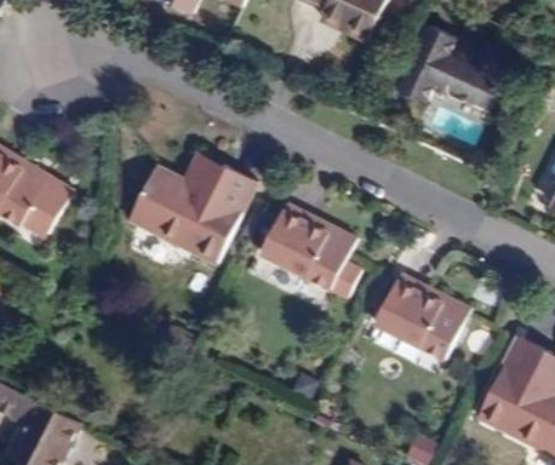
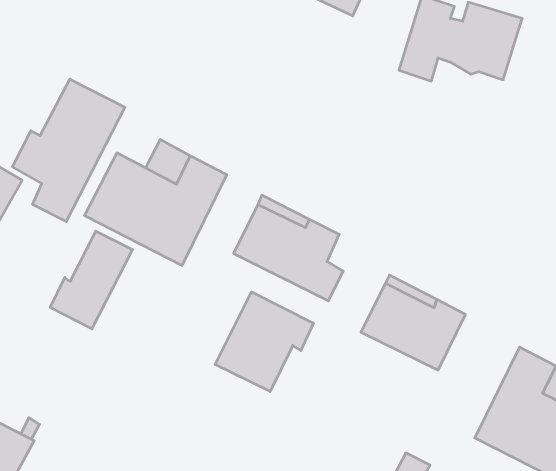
building: none -> [12,79,125,222]
building: none -> [50,231,133,329]
building: none -> [215,292,313,392]

